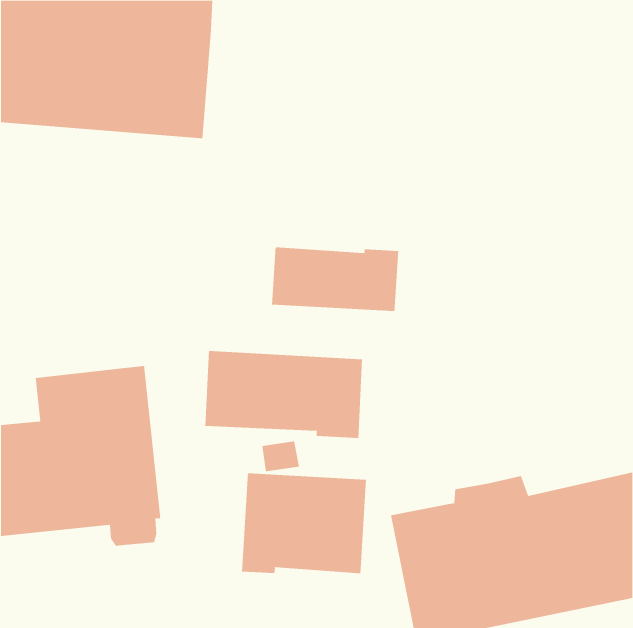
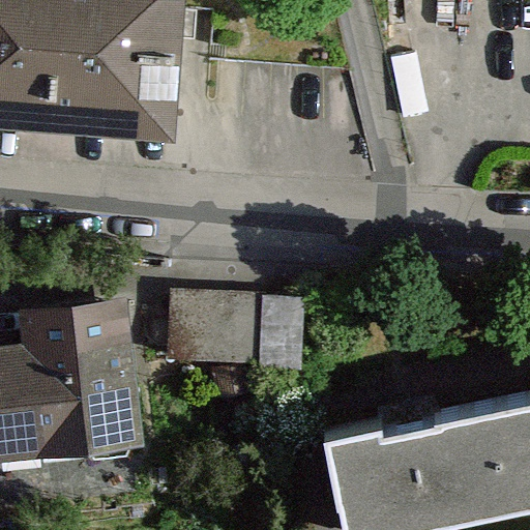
building: [272,246,399,312] -> none
building: [242,473,367,574] -> none

